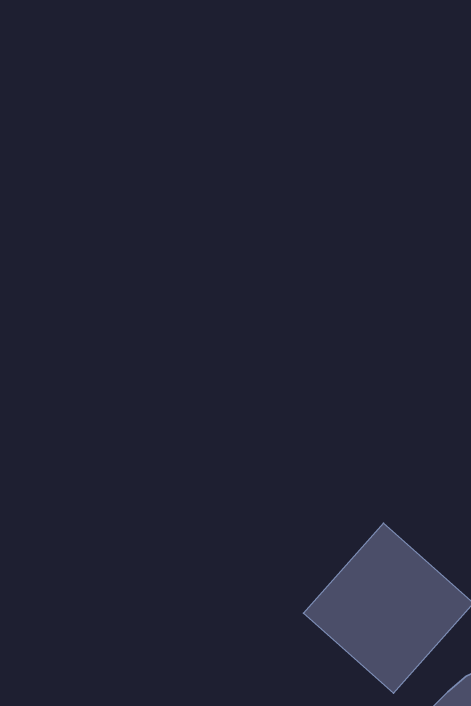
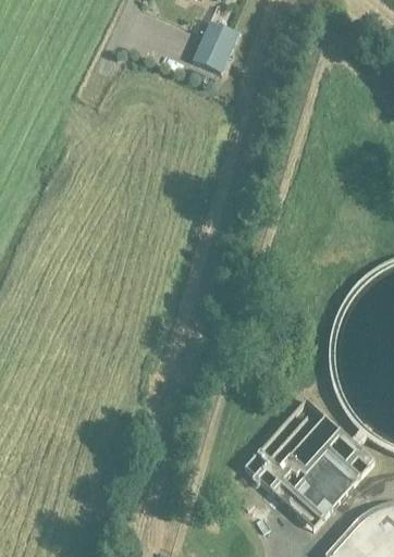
building: none -> [192,22,237,74]

